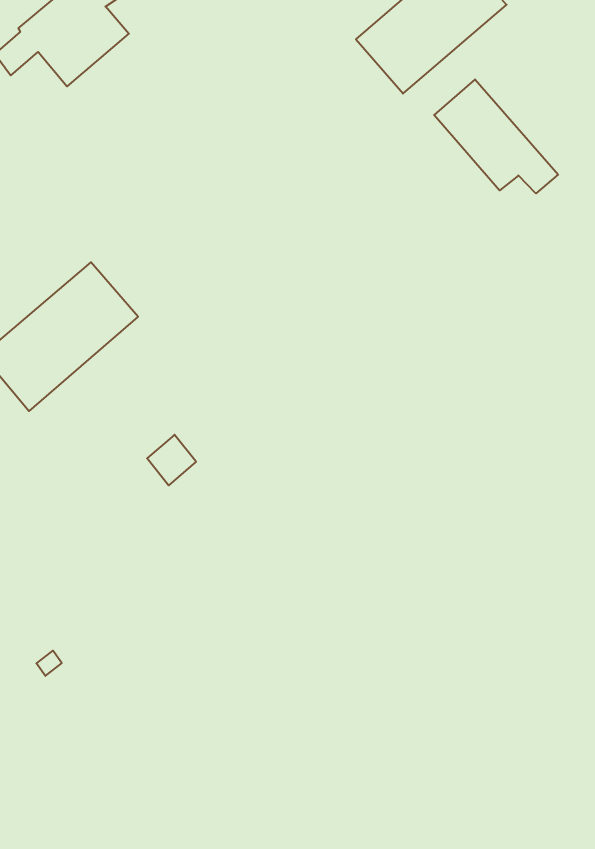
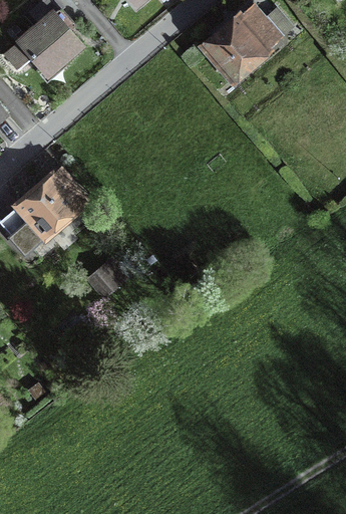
building: [434,79,558,193] -> none

